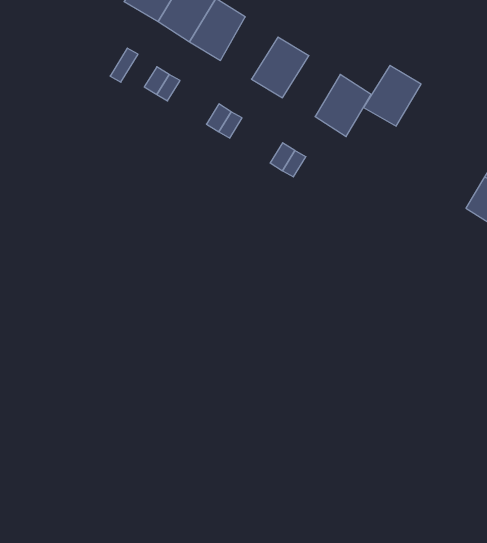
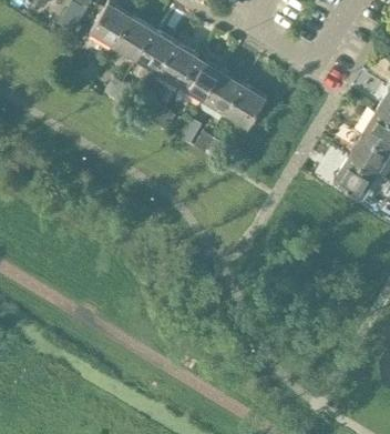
building: none -> [158,44,199,89]
building: [364,65,421,126] -> [203,72,244,115]

